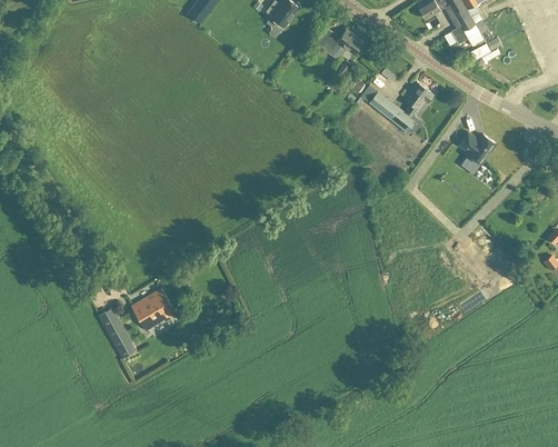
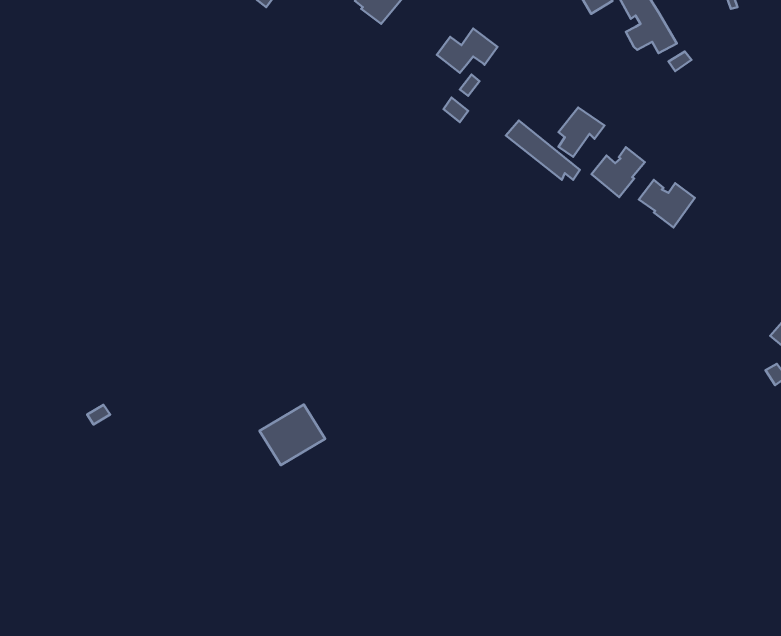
building: none -> [592,147,645,197]
building: [131,288,176,329] -> [260,404,325,465]
building: [98,307,137,358] -> none

